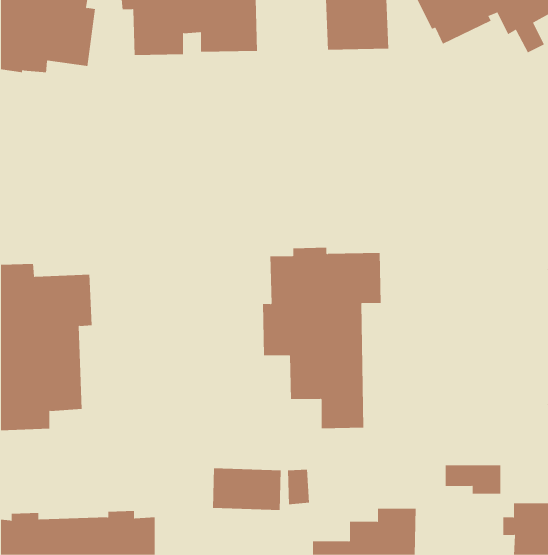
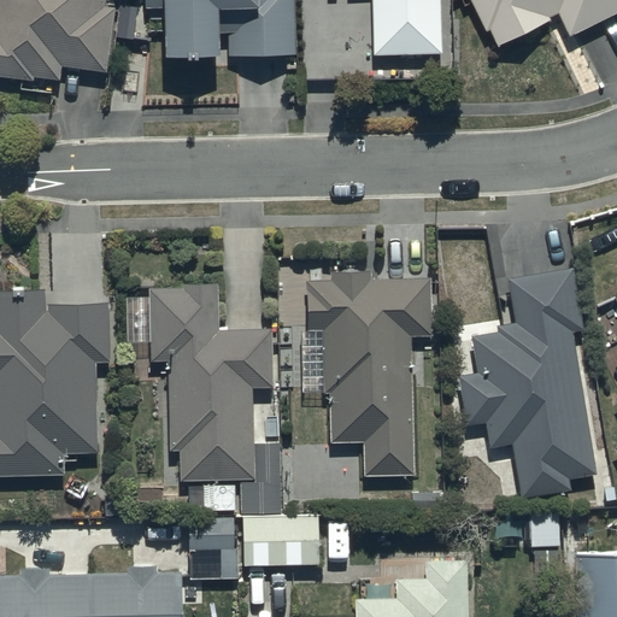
building: none -> [459,268,593,498]
building: none -> [149,286,283,510]
building: none -> [189,518,245,578]

